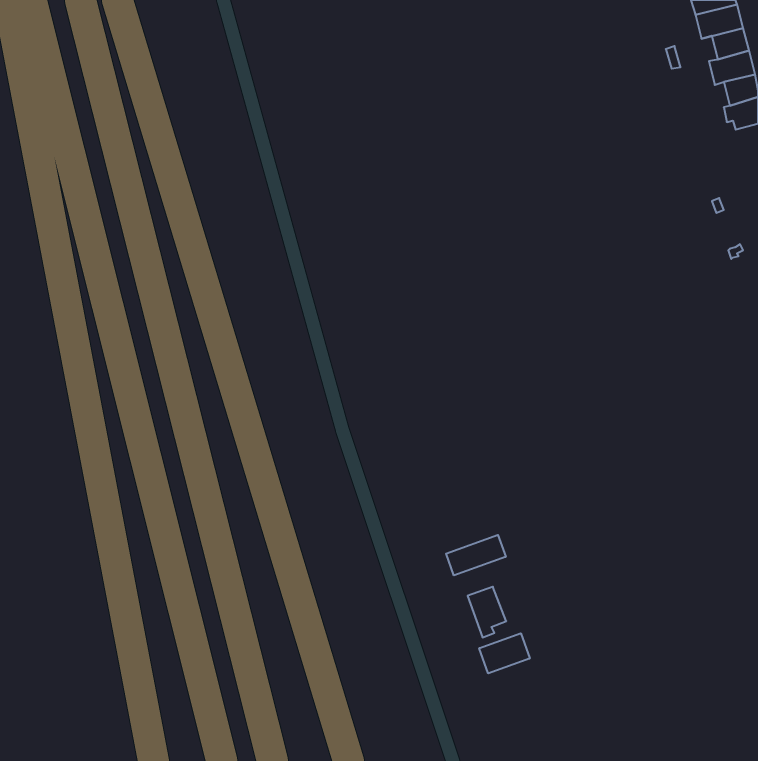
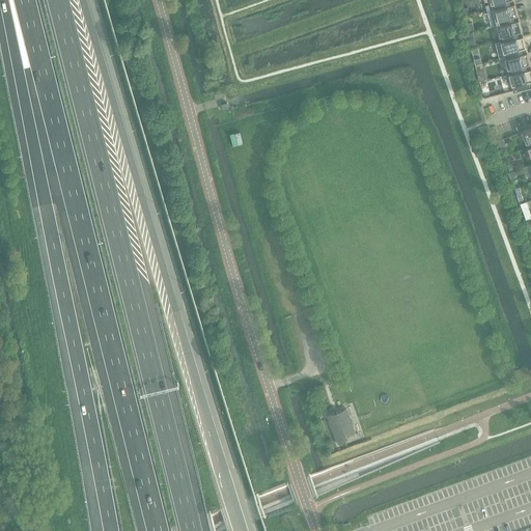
building: [446,535,506,575] -> none
building: [479,633,530,673] -> none

